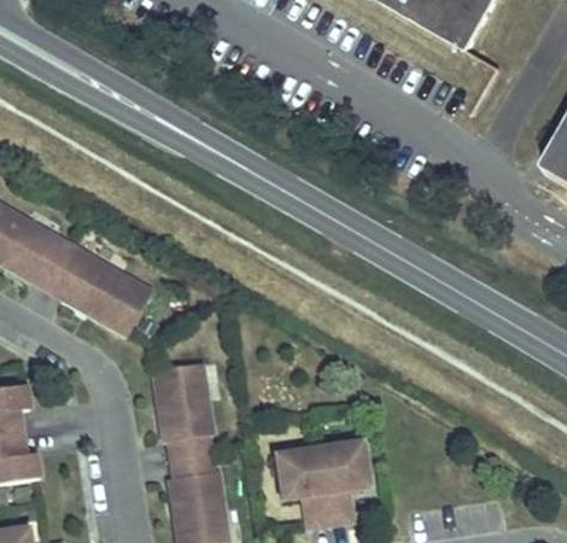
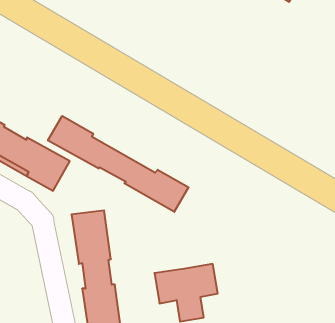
building: none -> [48,116,189,212]

